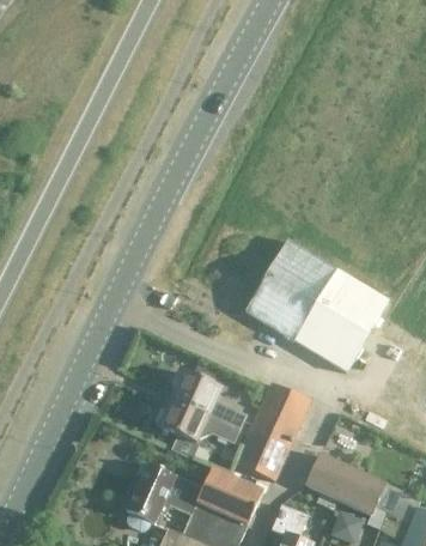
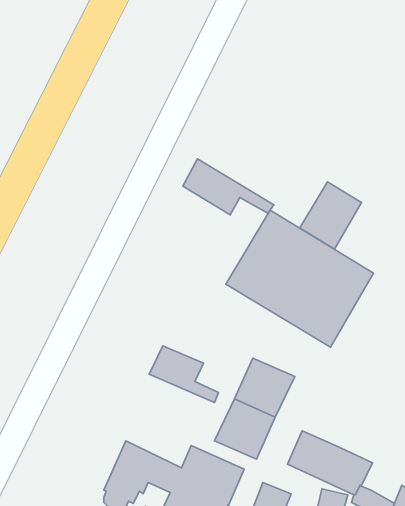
building: none -> [183,159,274,215]
building: none -> [300,182,361,249]
building: [159,399,241,444] -> none

